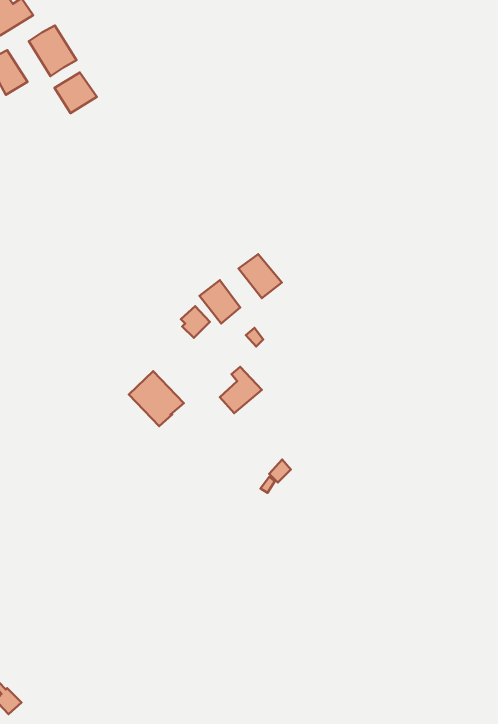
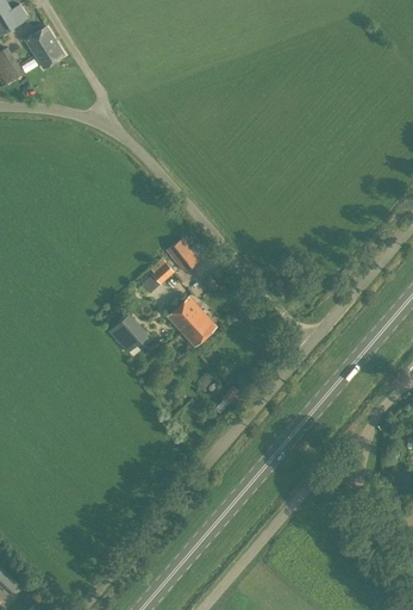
building: [54,73,97,113] -> none
building: [238,254,282,298] -> none
building: none -> [167,297,199,334]

